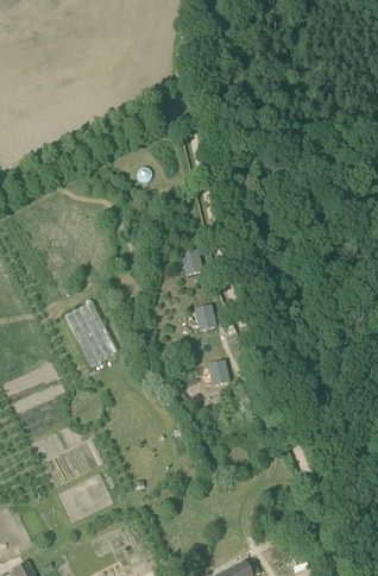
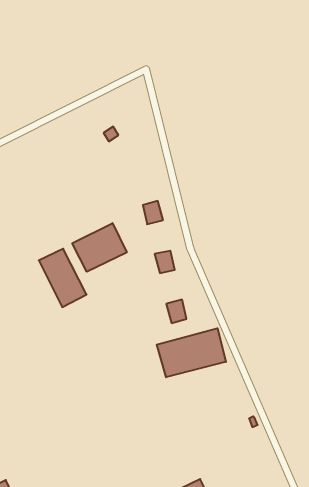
building: none -> [72,223,127,272]
building: none -> [157,328,226,377]

